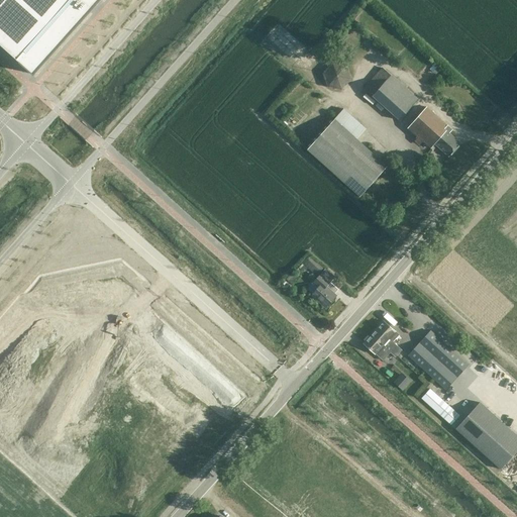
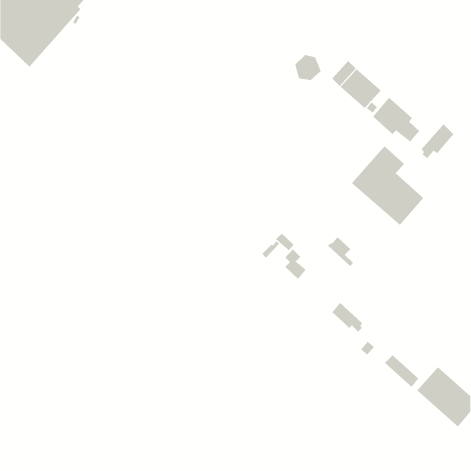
building: [306,108,386,196] -> [351,145,424,226]
building: none -> [421,124,454,159]
building: [372,320,401,353] -> [327,236,354,267]
building: [408,329,468,388] -> none

